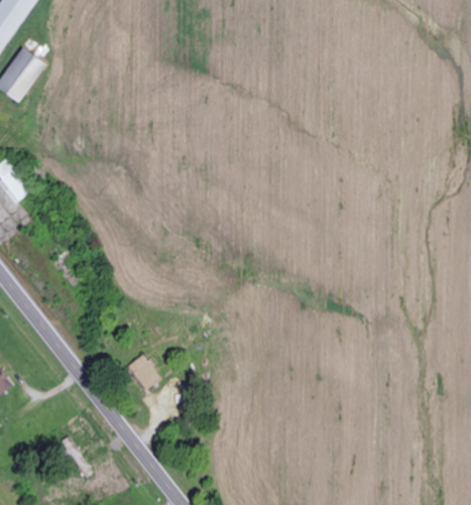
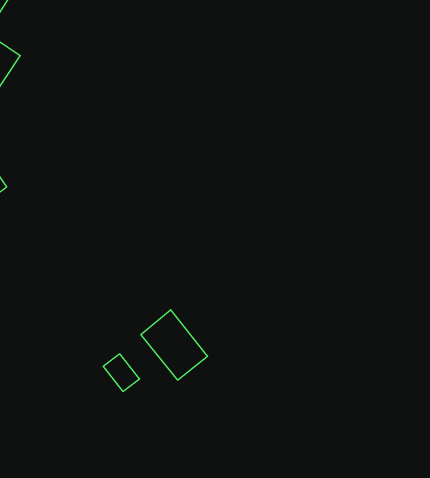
building: none -> [141,310,208,380]

